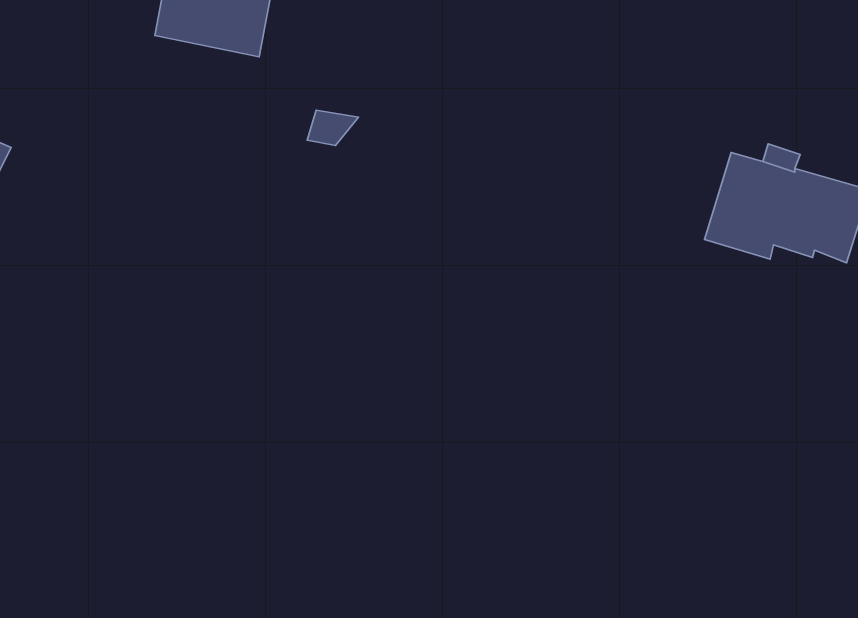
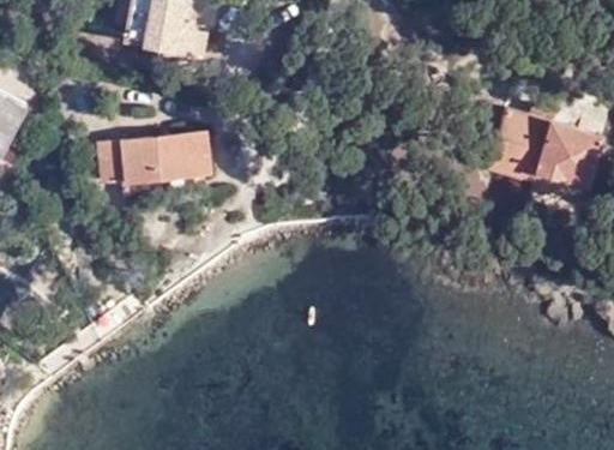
building: none -> [102,133,212,184]

